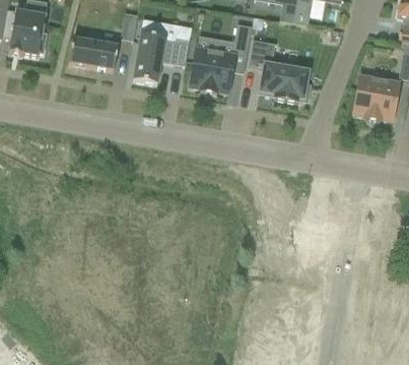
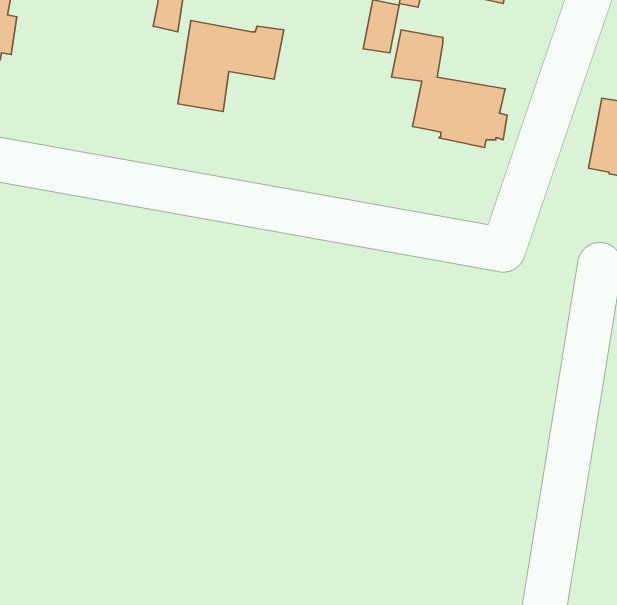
building: [70,36,119,68] -> none
building: [191,47,235,90] -> none

